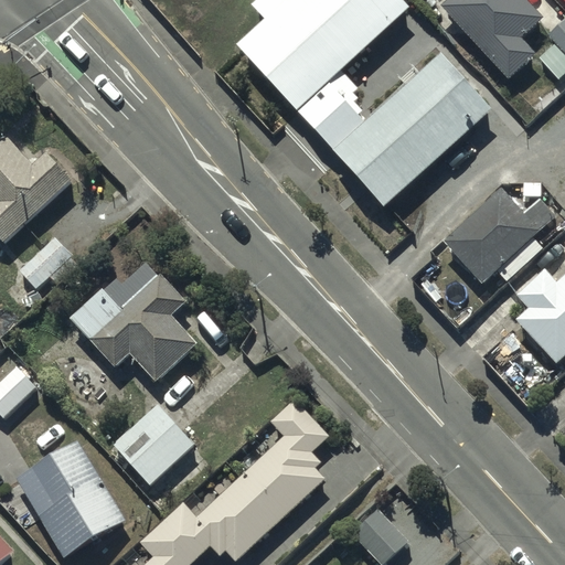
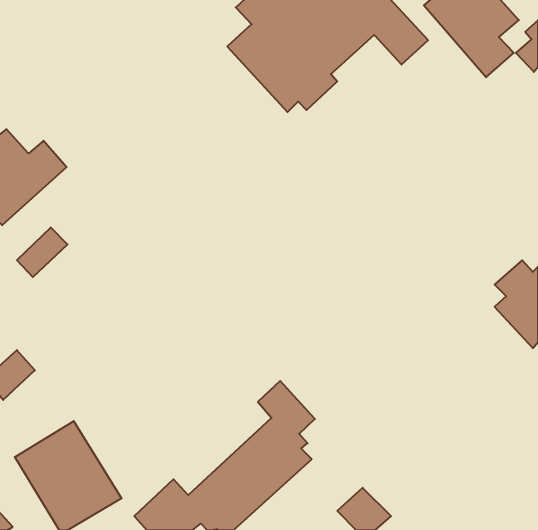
building: [334,57,491,209] -> none
building: [445,189,556,281] -> none
building: [72,263,198,382] -> none
building: [114,404,192,482] -> none

